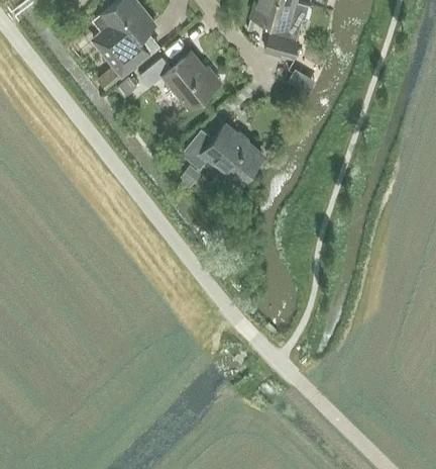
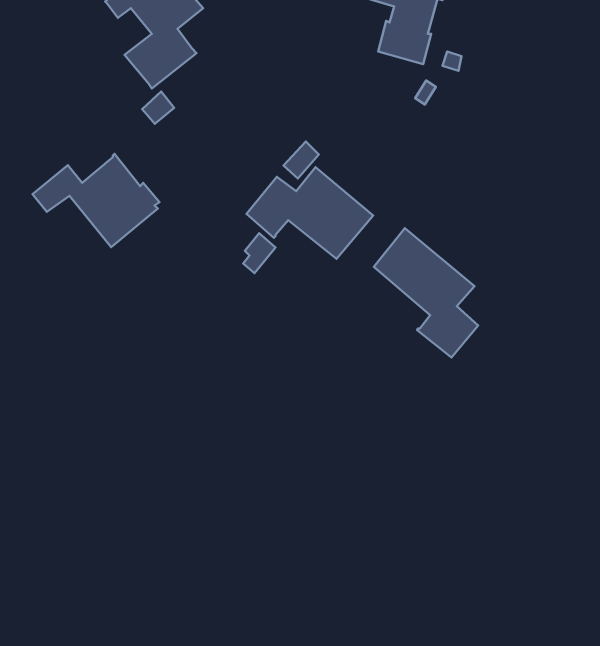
building: [140,51,220,109] -> [32,154,159,247]
building: none -> [374,228,478,357]

